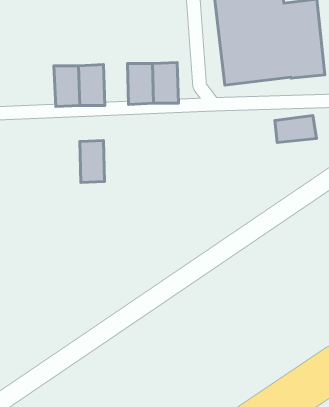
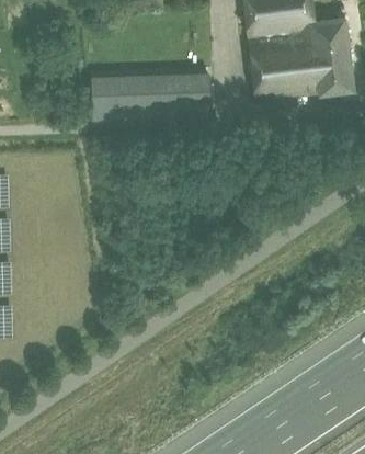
building: [275,115,317,143] -> none
building: [80,141,105,183] -> [138,75,162,115]

